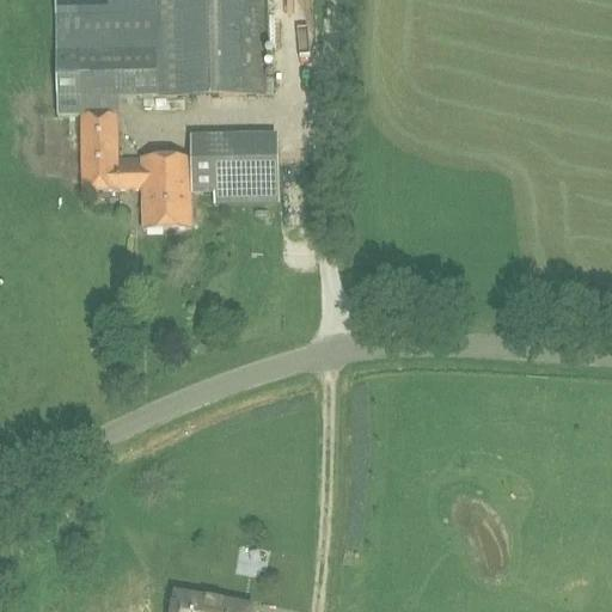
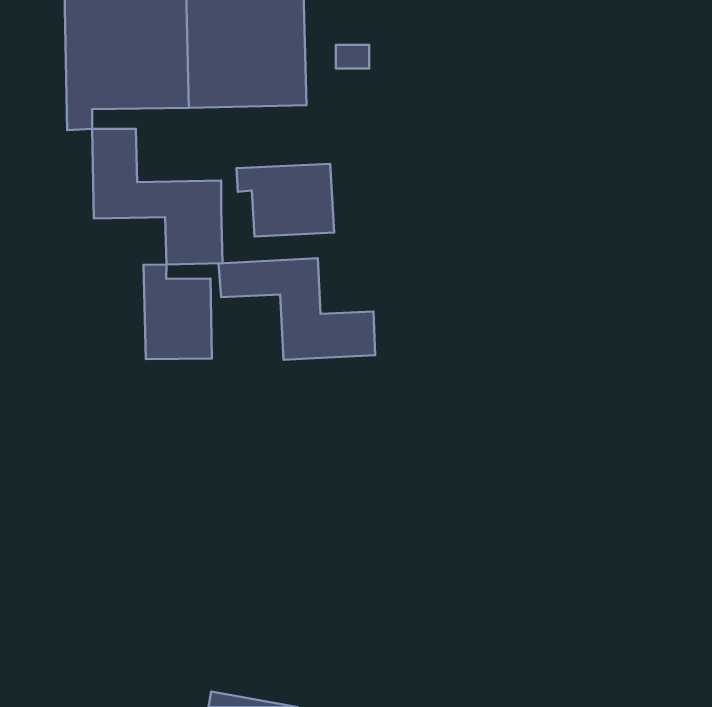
building: none -> [219,258,375,360]
building: none -> [144,265,212,359]

